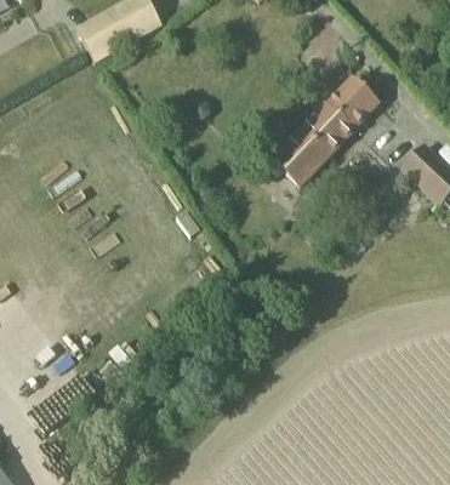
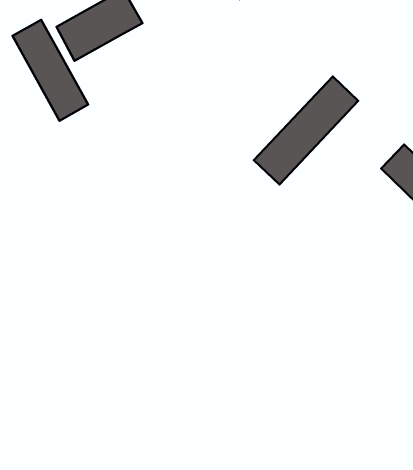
building: none -> [13,20,88,121]

